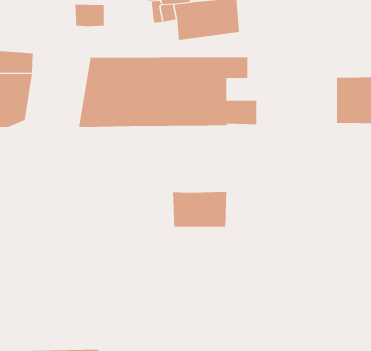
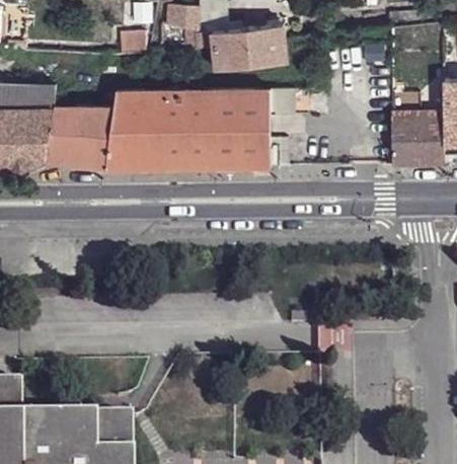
building: none -> [48,108,117,169]
building: [173,191,227,228] -> none

